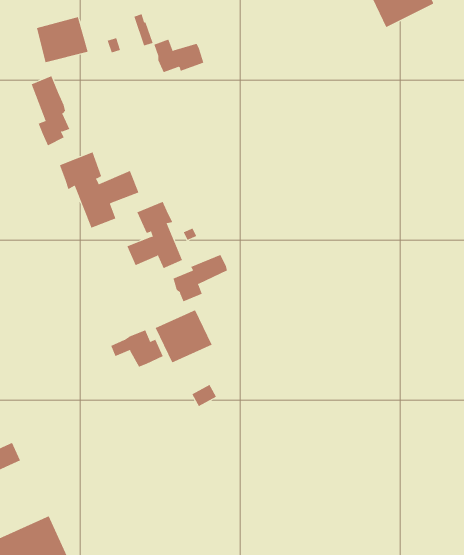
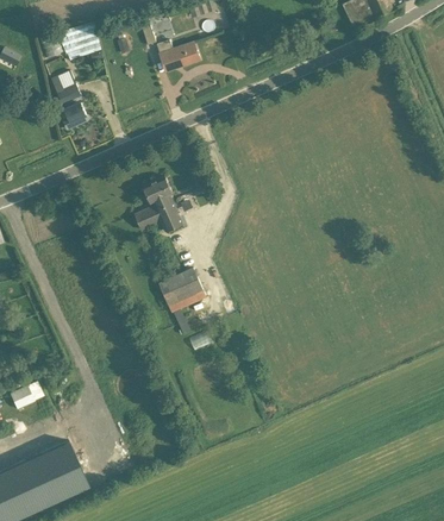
building: [59,151,139,229] -> none
building: [173,254,228,302] -> none
building: [110,330,164,367] -> none

